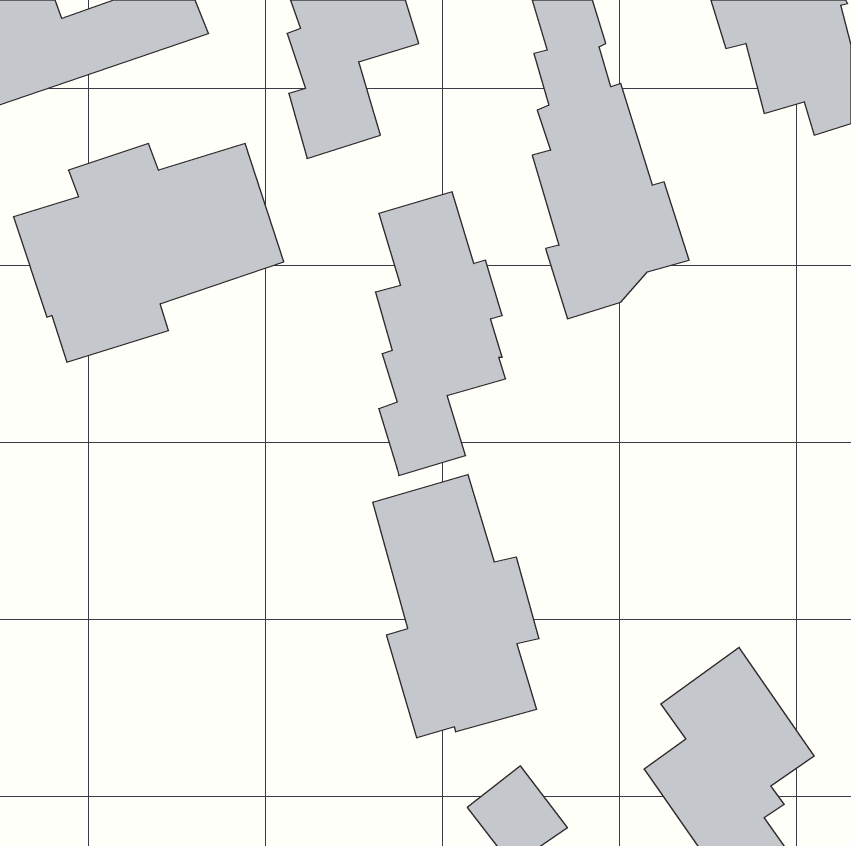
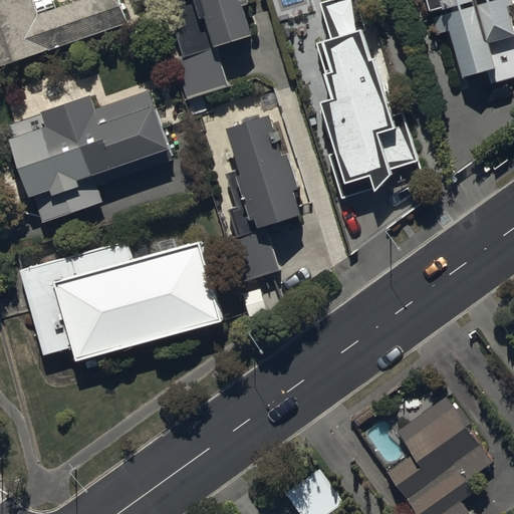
building: none -> [20,238,223,362]
building: [373,474,539,738] -> none

